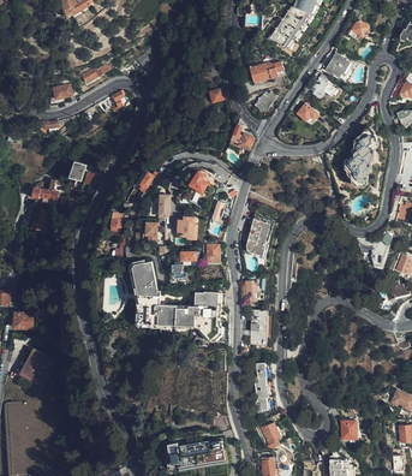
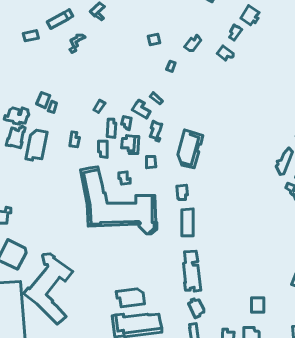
building: [250,61,285,84] -> none
building: [344,127,377,186] -> none
building: none -> [26,130,47,160]
building: none -> [24,254,73,324]
building: none -> [116,289,145,307]

